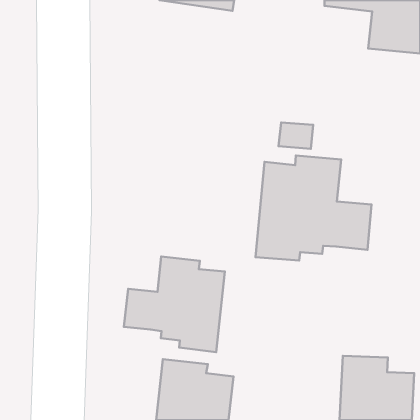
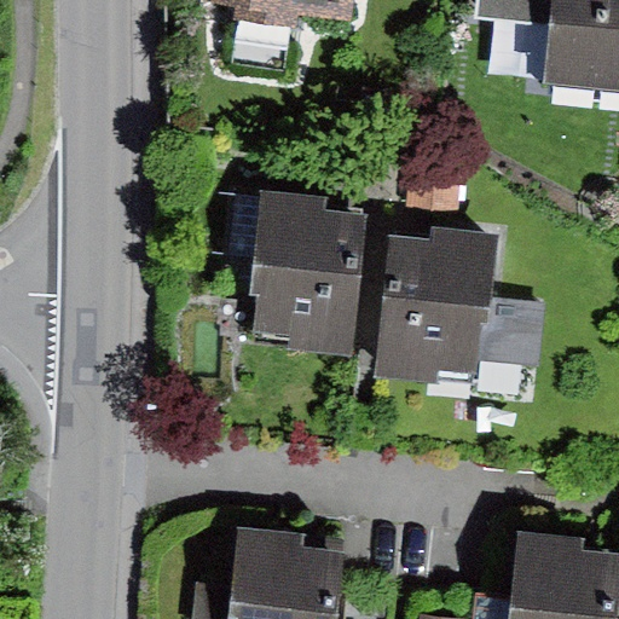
building: none -> [248,189,368,357]
building: [124,256,225,352] -> none

